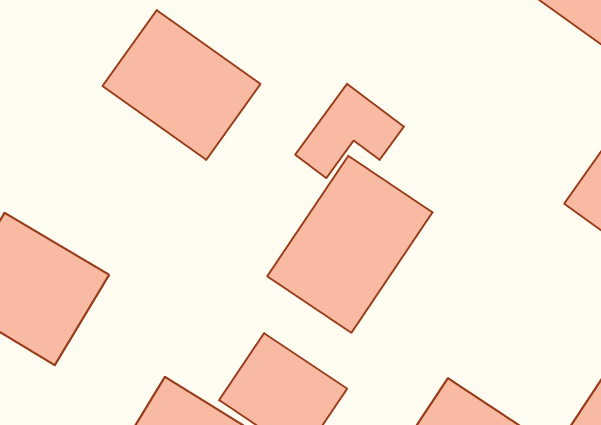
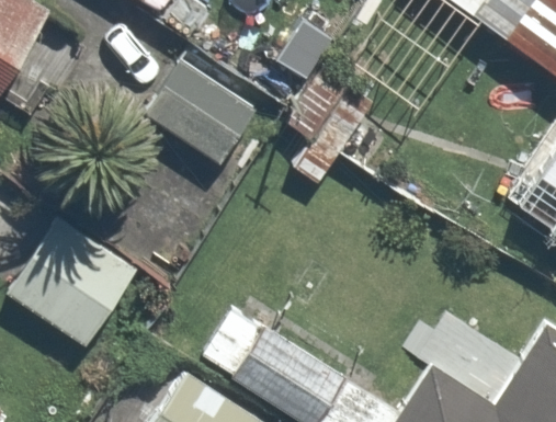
building: [267,156,433,333] -> none

